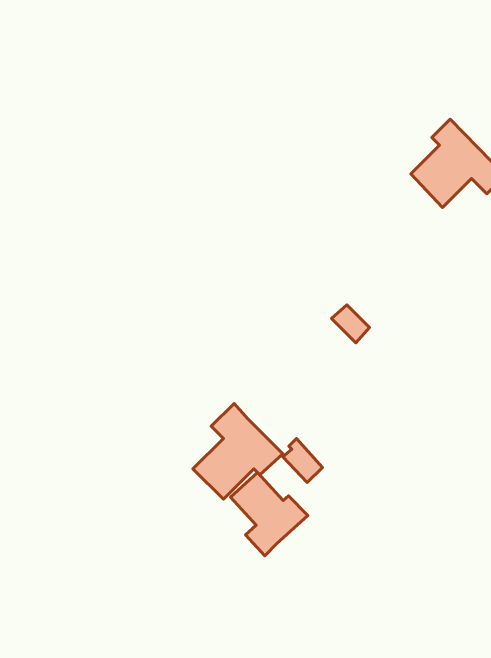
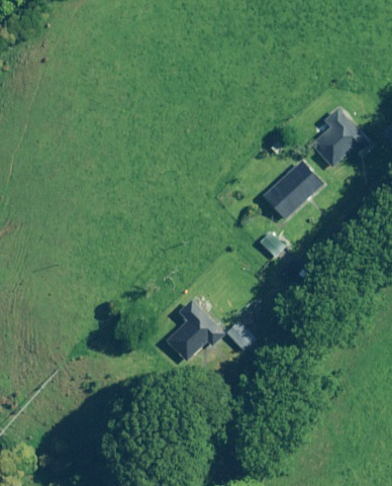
building: none -> [263,160,324,219]
building: [231,473,308,556] -> none

